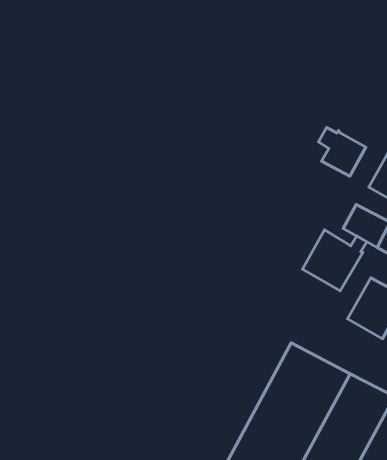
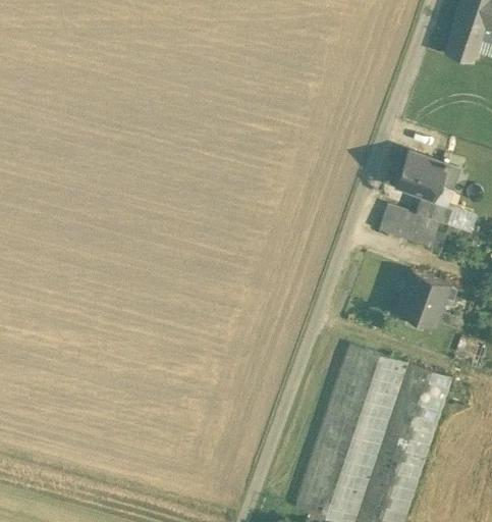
building: [318,127,366,176] -> none
building: [302,230,367,291] -> none

